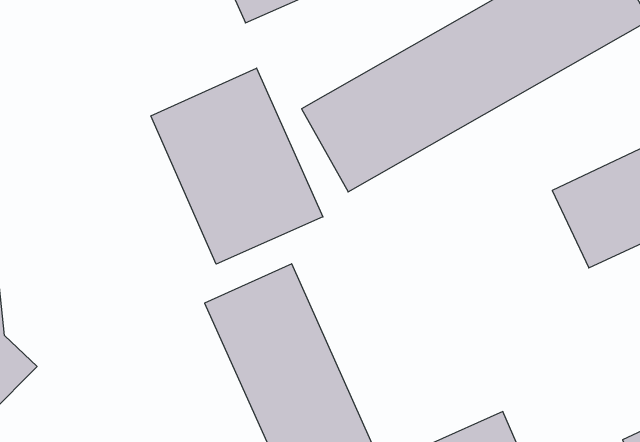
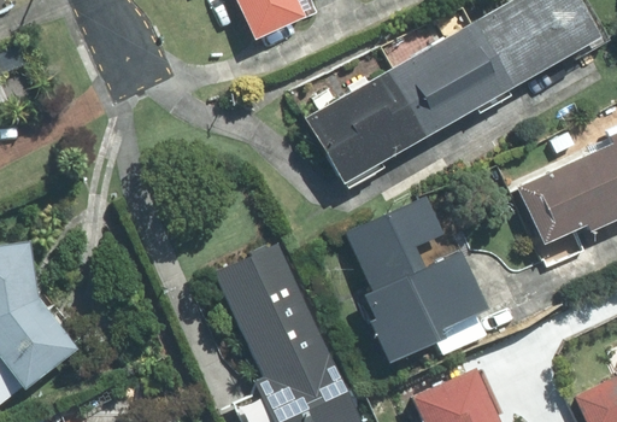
building: [151,68,323,264] -> none
building: none -> [346,209,501,376]

